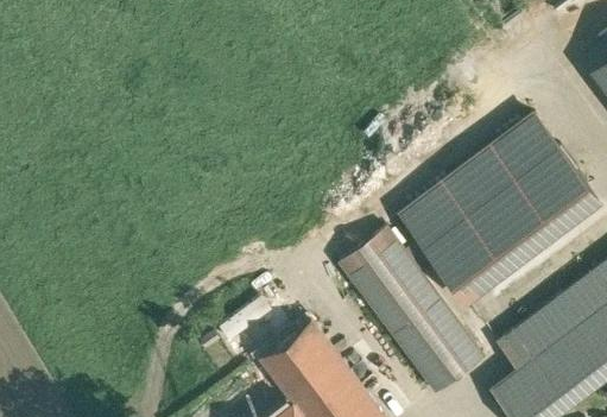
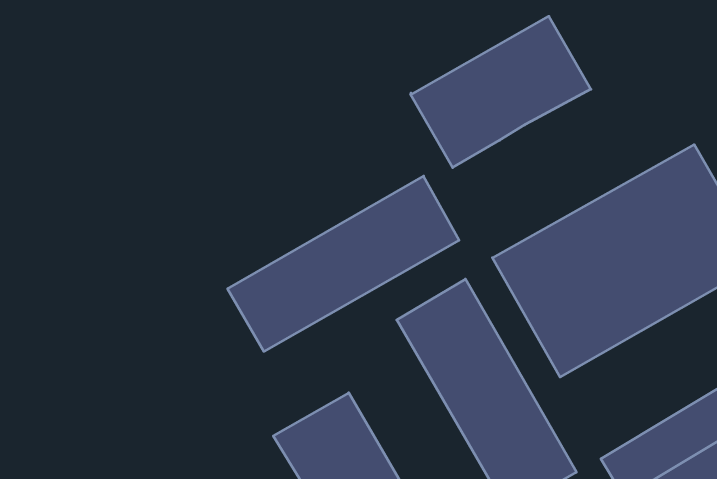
building: none -> [411,16,591,168]
building: none -> [228,176,459,351]

